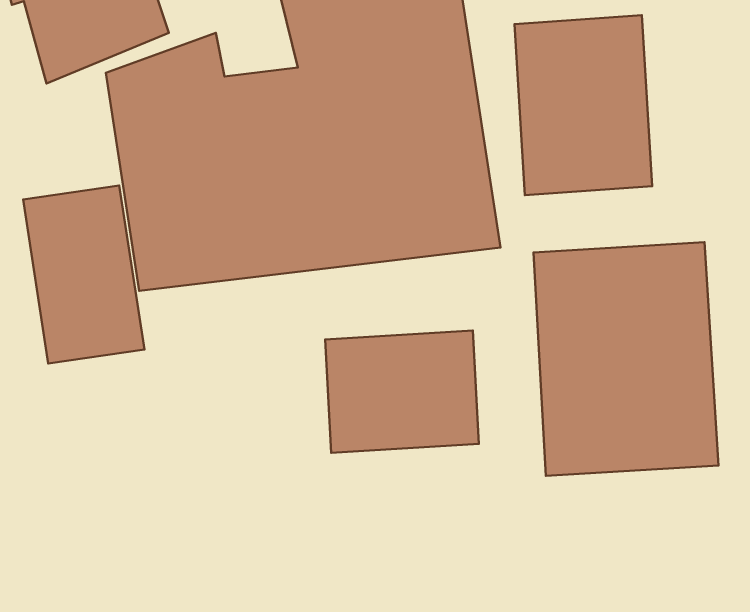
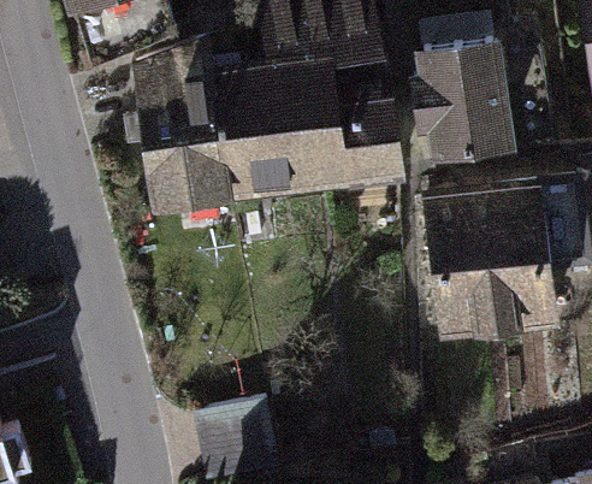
building: [23,186,144,363] -> none
building: [325,331,479,453] -> none

